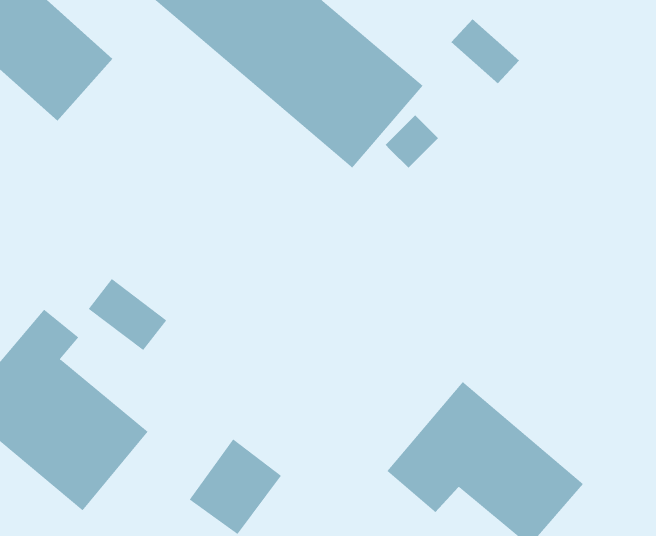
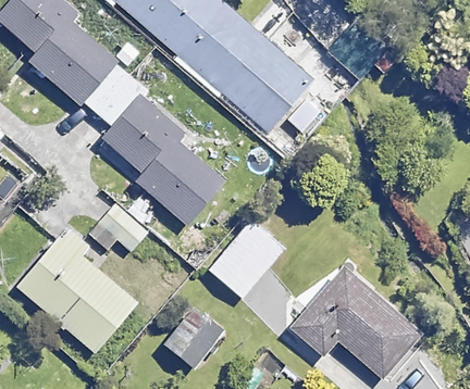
building: none -> [86,67,223,223]
building: none -> [207,218,284,299]

